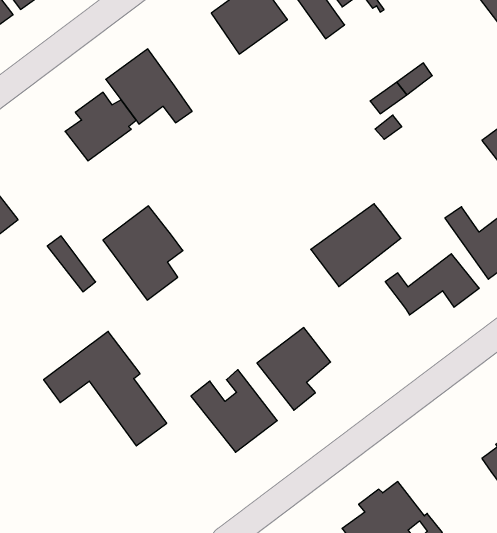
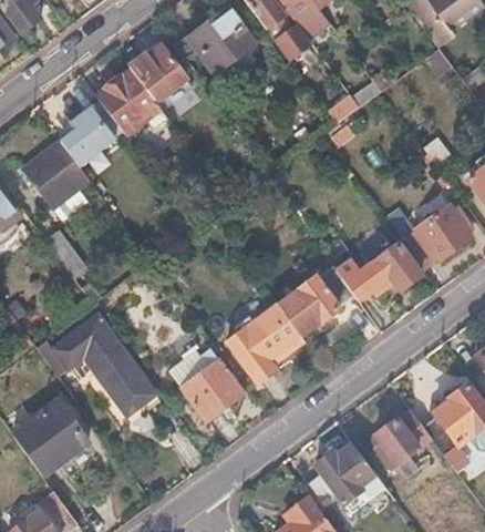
building: none -> [128,43,186,100]
building: [311,204,401,287] -> [278,264,357,336]
building: [103,206,183,300] -> [20,140,90,222]
building: none -> [12,400,87,474]
building: none -> [376,409,431,472]

